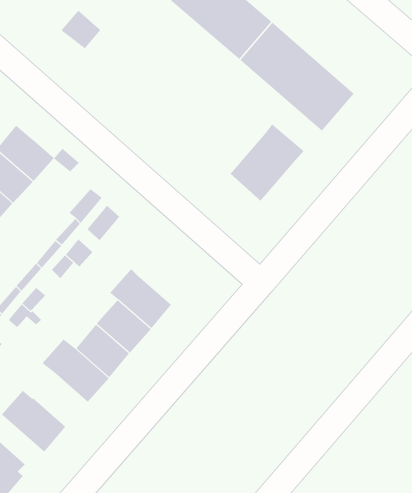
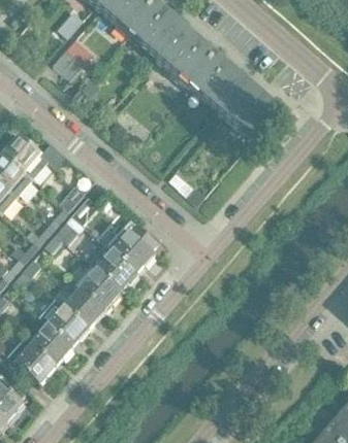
building: [230,123,304,202] -> none
building: none -> [108,218,157,271]
building: none -> [31,322,73,364]

